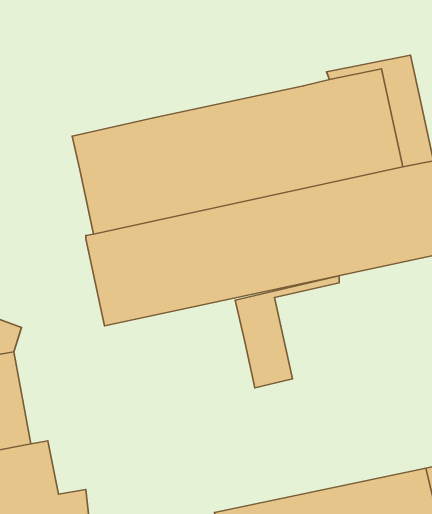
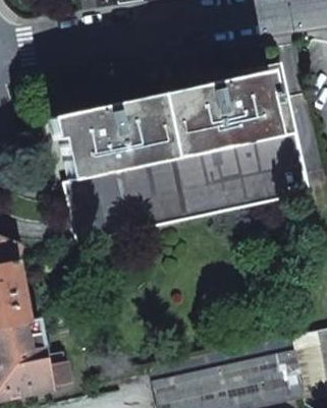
building: [235,276,339,388] -> none

